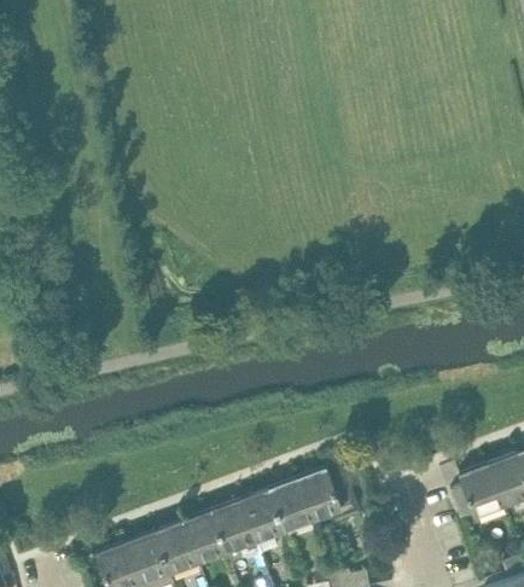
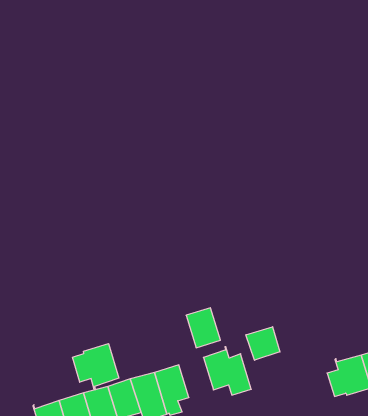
building: none -> [246,327,280,360]
building: none -> [72,344,119,390]
building: [268,481,312,530] -> [186,308,220,348]

